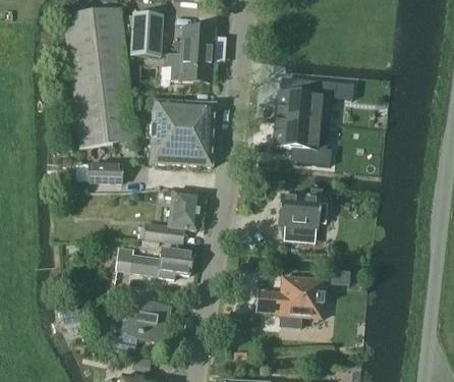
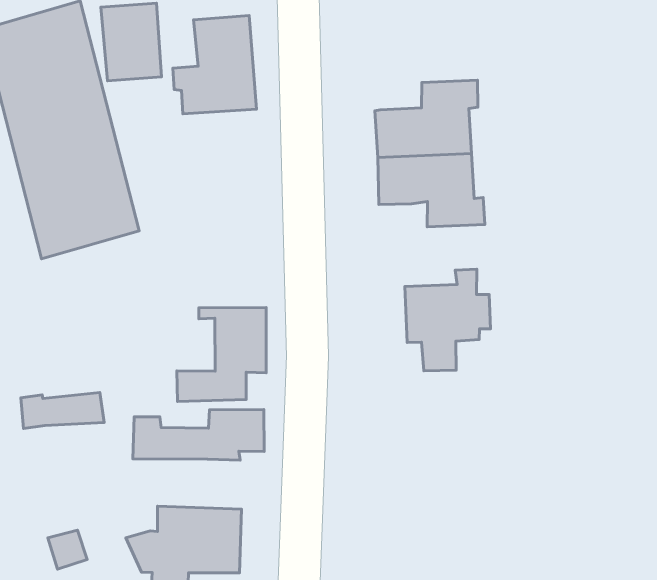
building: [150,98,217,165] -> none
building: [76,162,122,182] -> [21,392,104,428]
building: [257,276,323,326] -> none

